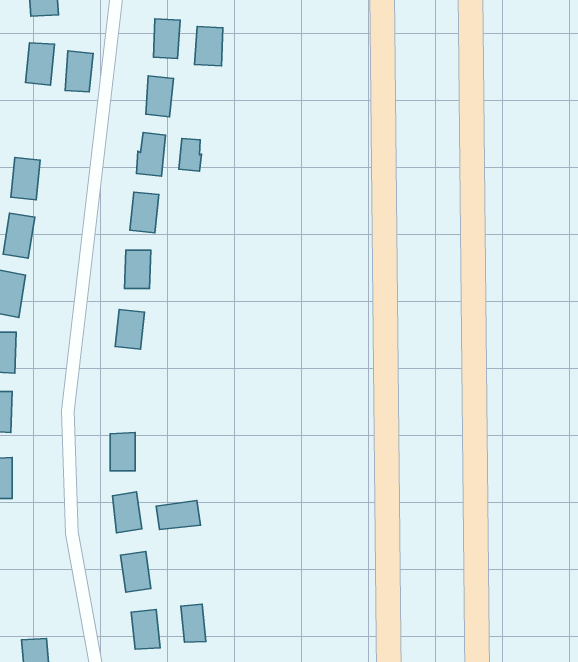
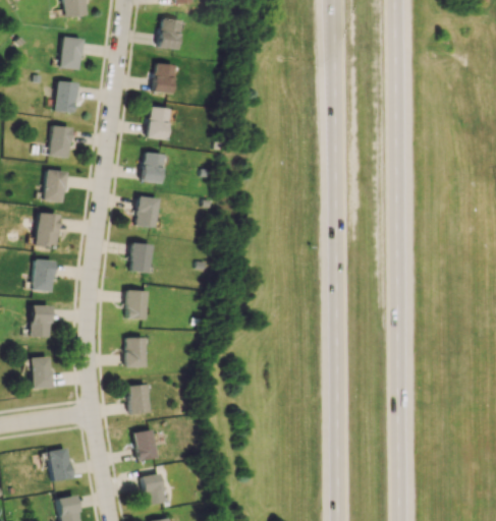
building: [195,27,223,66] -> none
building: [65,51,93,92] -> [56,80,77,112]
building: [179,138,202,171] -> none
building: none -> [127,289,148,320]
building: [156,500,200,530] -> none
building: none -> [48,447,72,480]
building: [181,604,206,642] -> none

